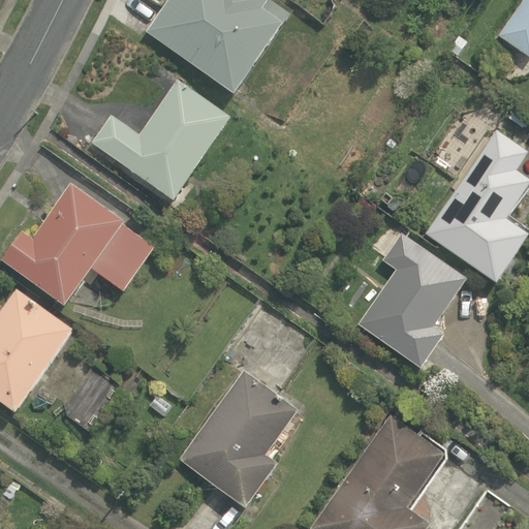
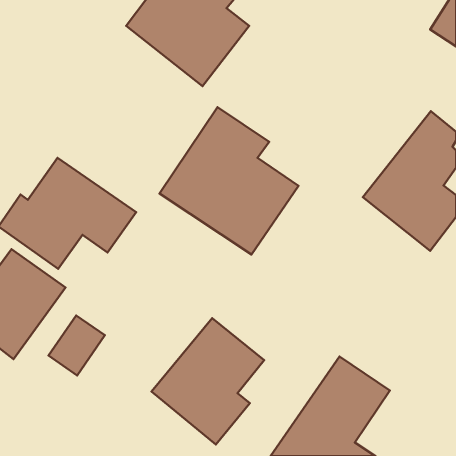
building: [87,77,230,200] -> none
building: none -> [160,107,298,255]
building: [336,226,474,371] -> none

